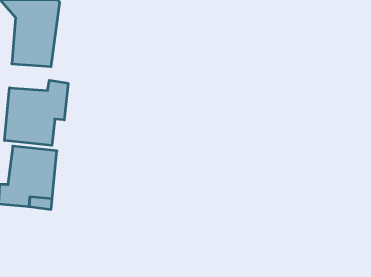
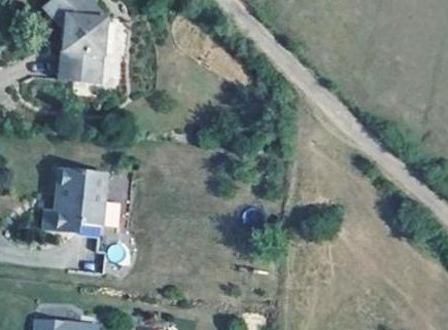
building: [5,80,68,145] -> none

